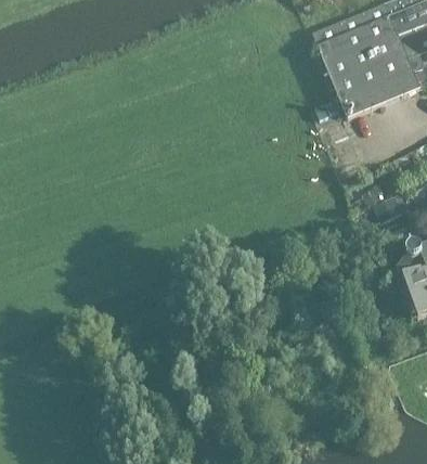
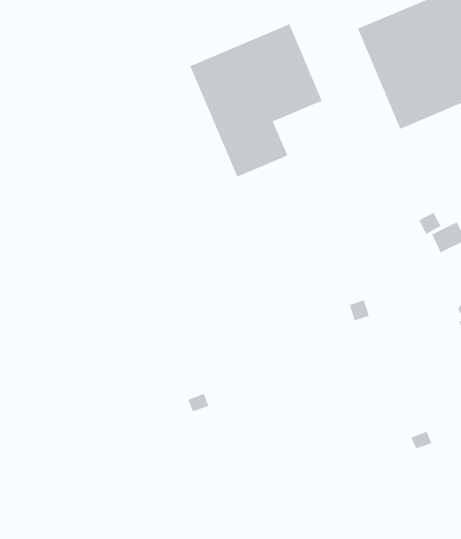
building: none -> [189,23,323,178]

